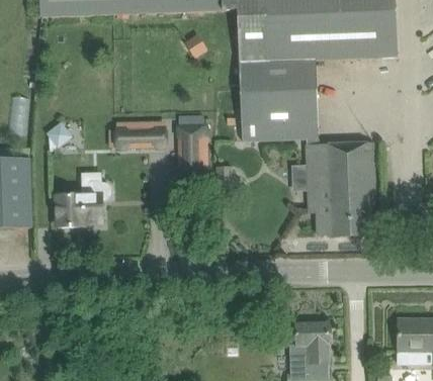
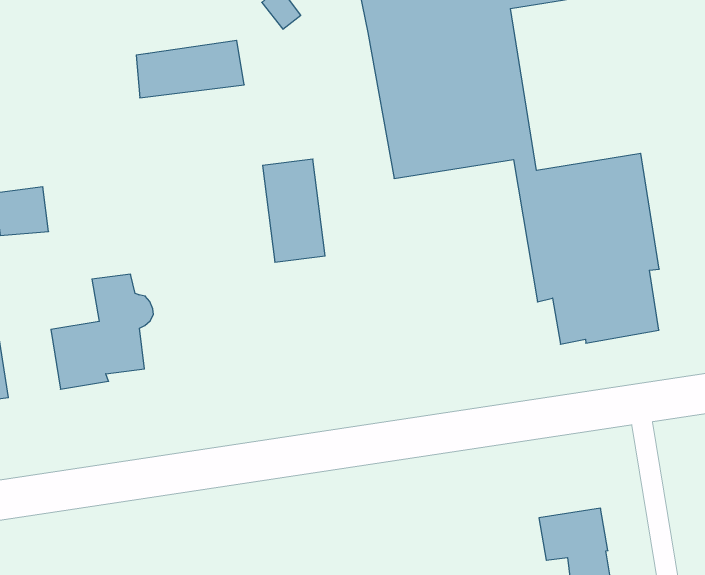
building: [108,121,163,145] -> [136,40,244,98]

